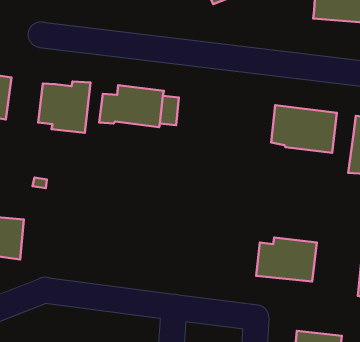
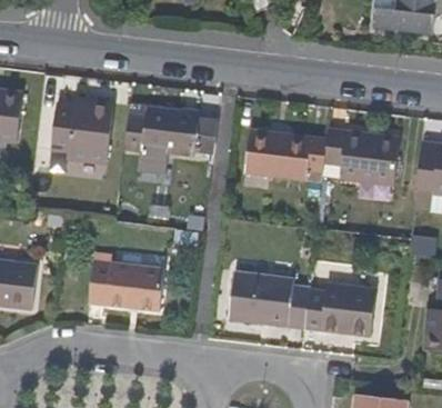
building: none -> [247,131,328,181]
building: none -> [88,261,163,311]
building: none -> [230,273,311,329]

